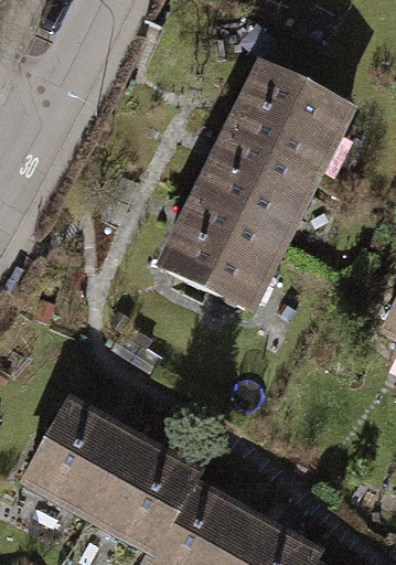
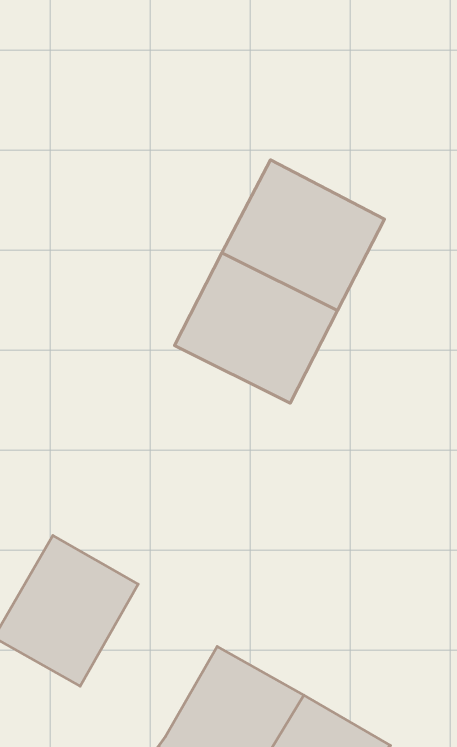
building: [228,63,346,174] -> none
building: [90,439,195,550] -> none

